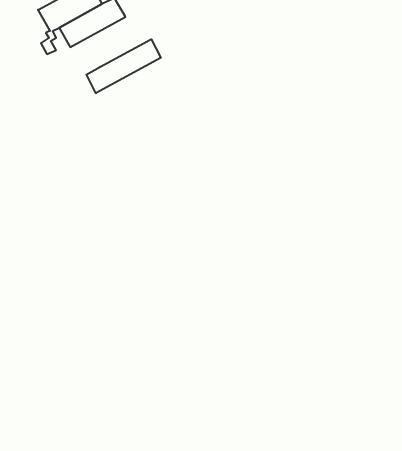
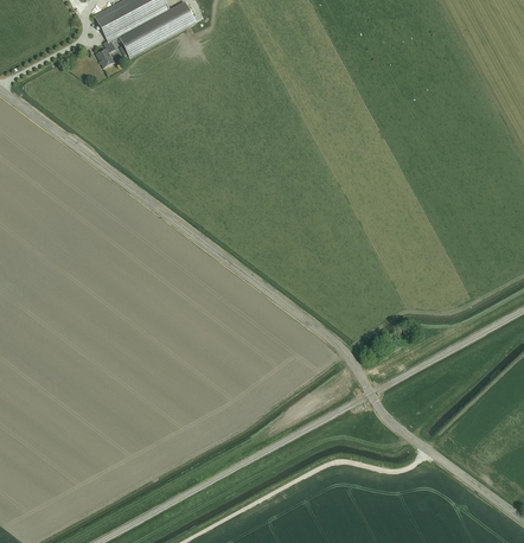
building: [86,39,161,93] -> none

